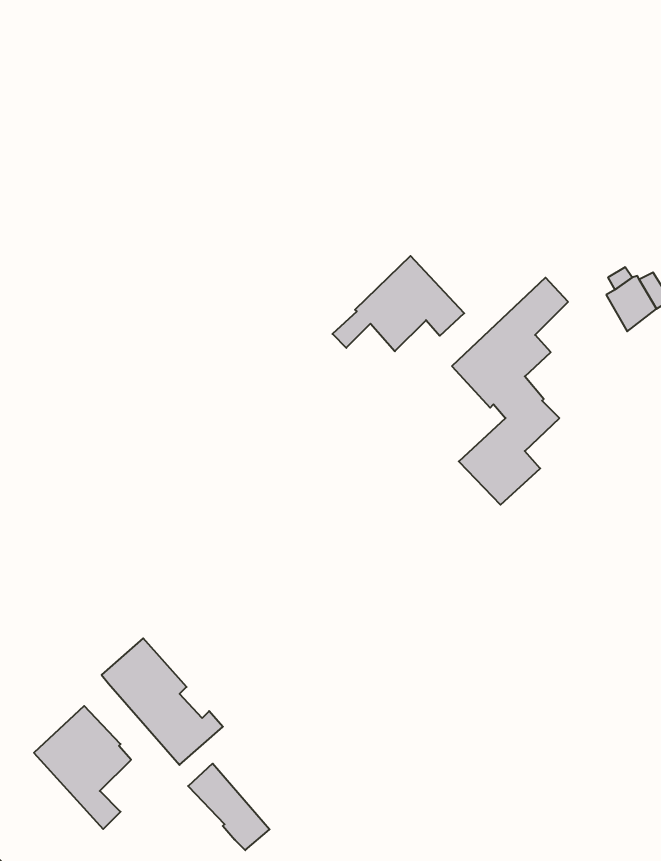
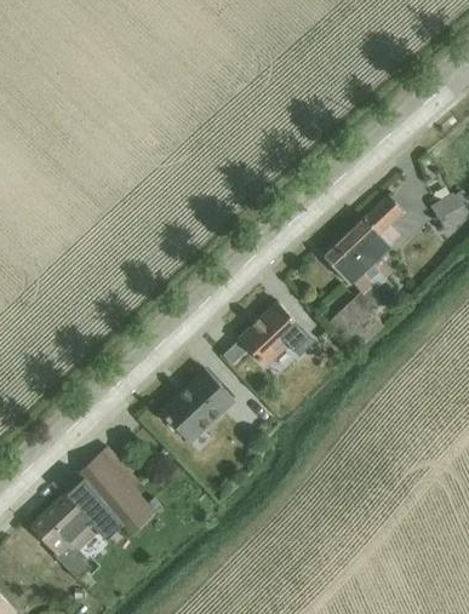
building: [332,256,464,351] -> [222,302,314,368]
building: none -> [160,369,235,444]
building: [188,764,270,850] -> [65,478,122,539]

